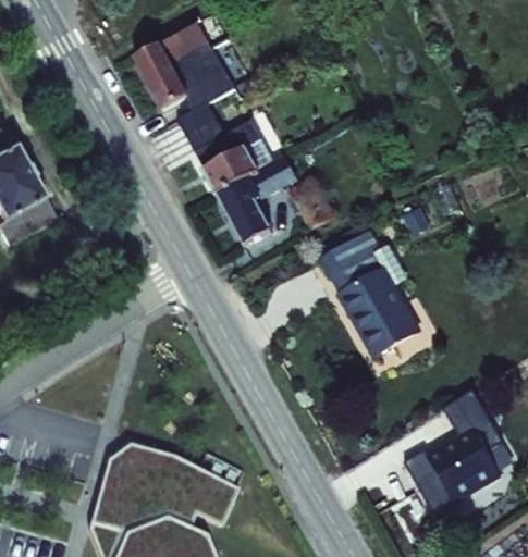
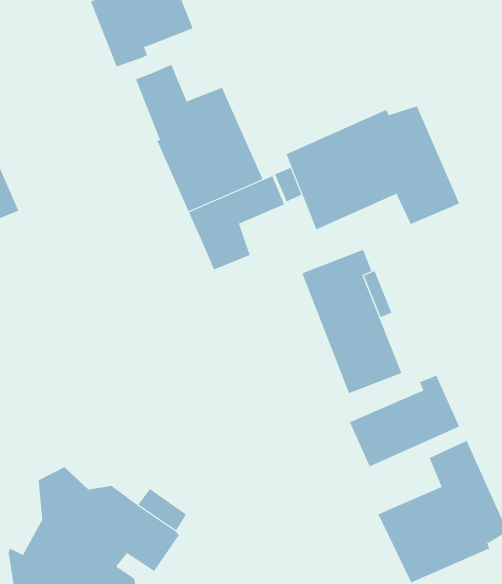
building: [164,54,214,97] -> none
building: none -> [286,105,460,230]
building: none -> [349,375,460,467]

